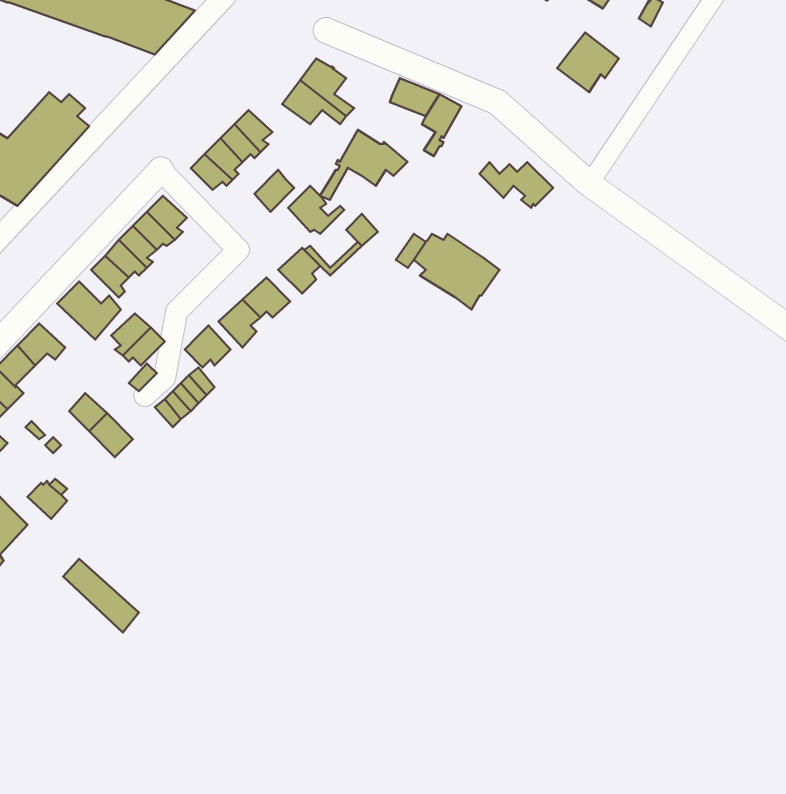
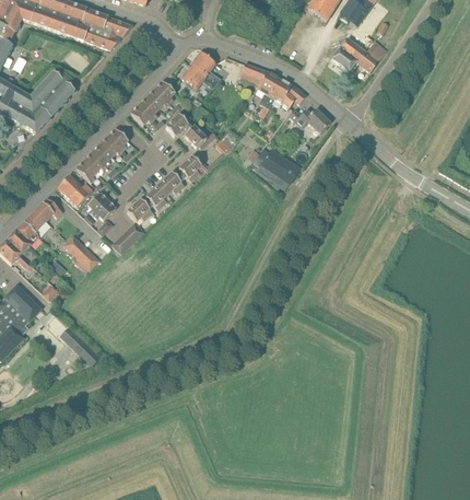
building: none -> [357,40,386,72]
building: [320,130,408,200] -> [258,79,306,117]

